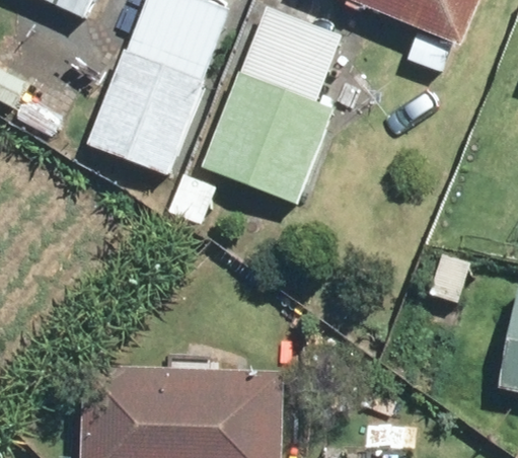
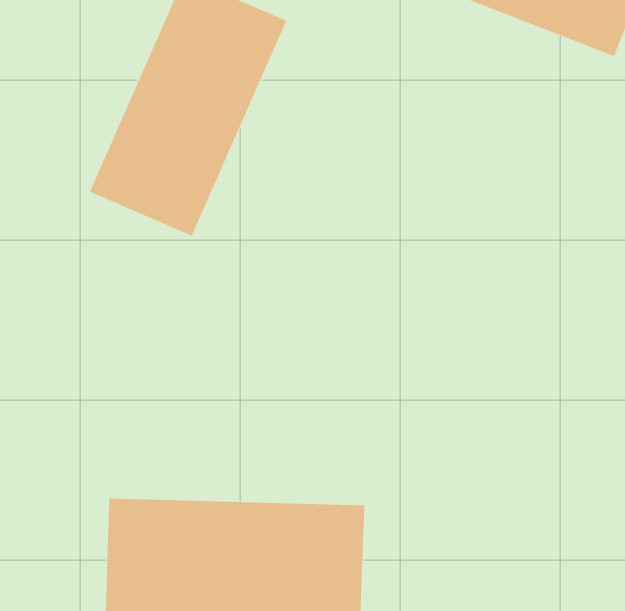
building: [195,10,347,202] -> none

